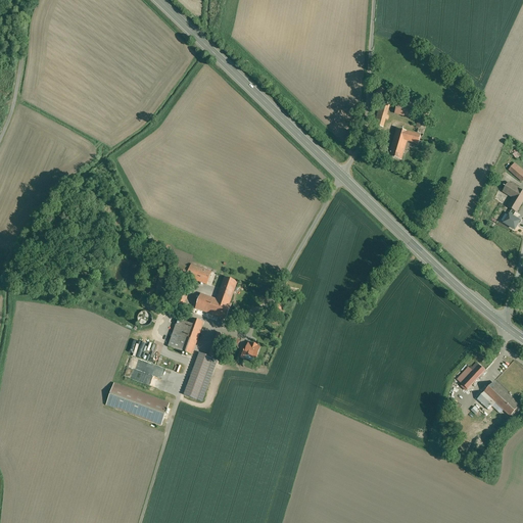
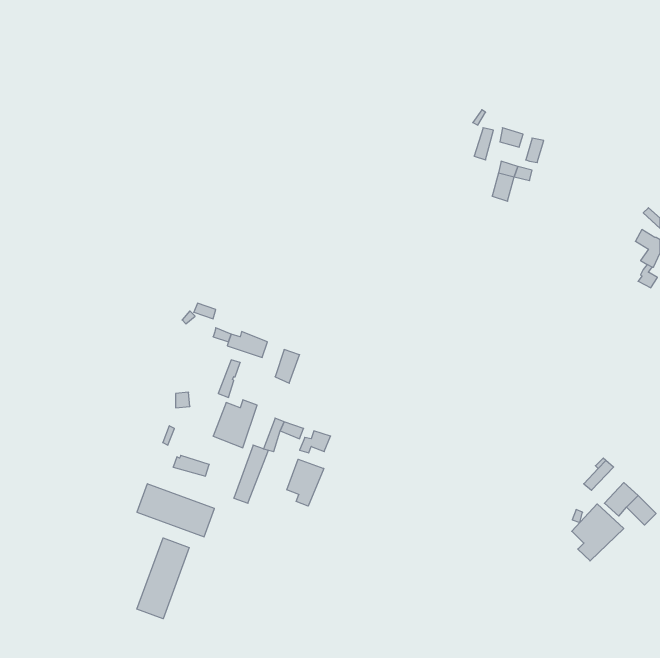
building: [195,293,231,319] -> none
building: none -> [287,459,324,506]
building: none -> [572,504,624,561]
building: none -> [137,538,189,619]

